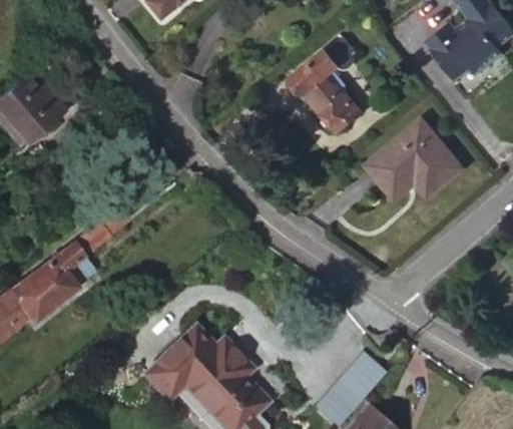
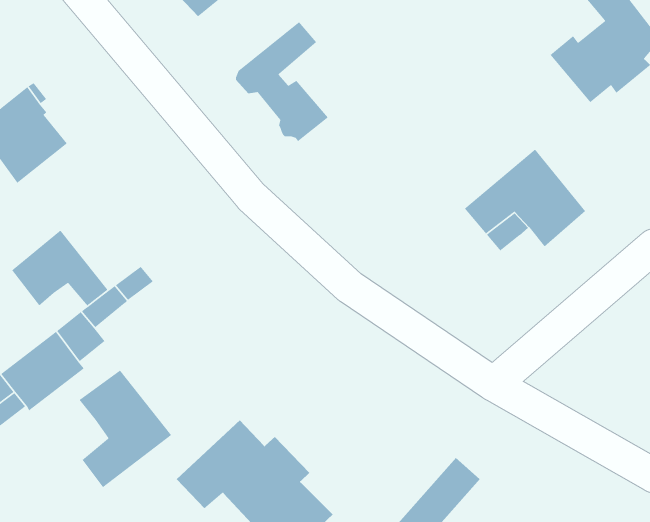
building: [293,40,365,133] -> [235,21,329,142]
building: none -> [11,230,108,306]
building: none -> [78,369,172,488]

